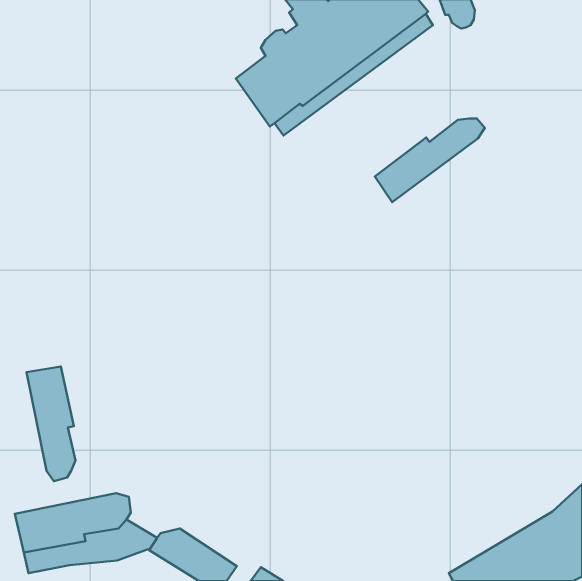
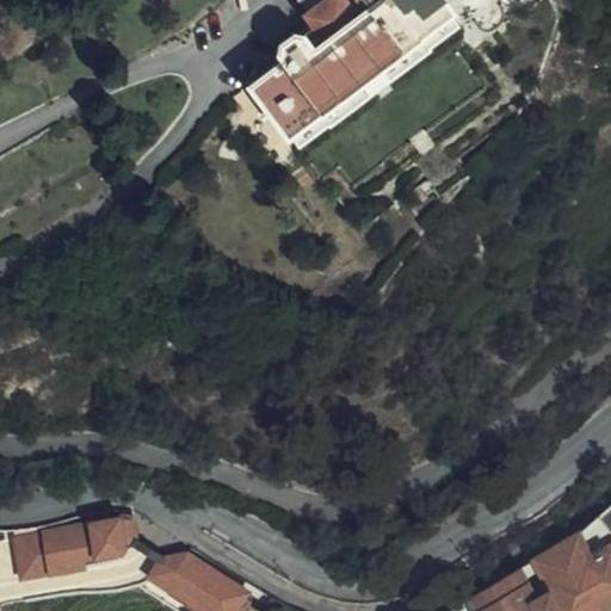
building: [375,118,485,202] -> none
building: [27,367,76,481] -> none

